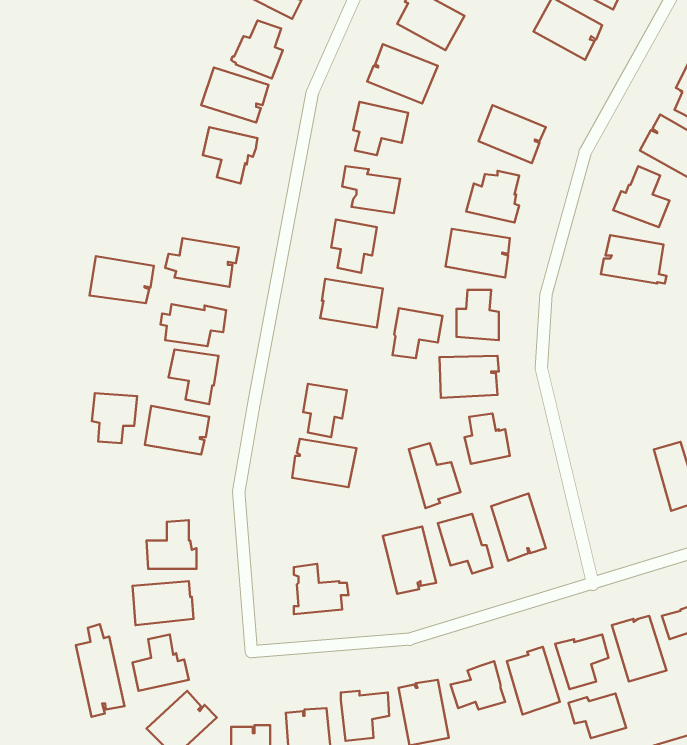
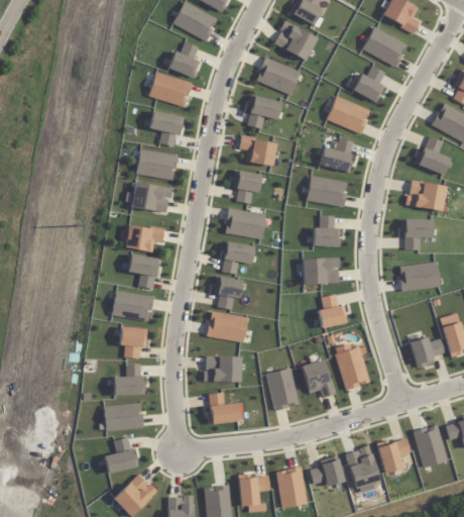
building: none -> [353,66,385,102]
building: [90,256,154,303] -> [136,149,178,180]
building: none -> [400,219,433,249]
building: [392,308,443,358] -> [222,241,254,274]
building: none -> [398,262,440,291]
building: [92,393,137,443] -> [119,326,148,358]
building: [409,443,461,508] -> none
building: none -> [410,335,445,369]
building: none -> [204,355,241,382]
building: [76,624,125,717] -> none
building: [569,694,626,738] -> none

